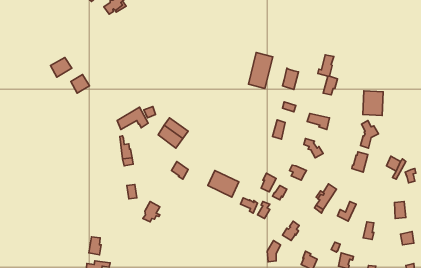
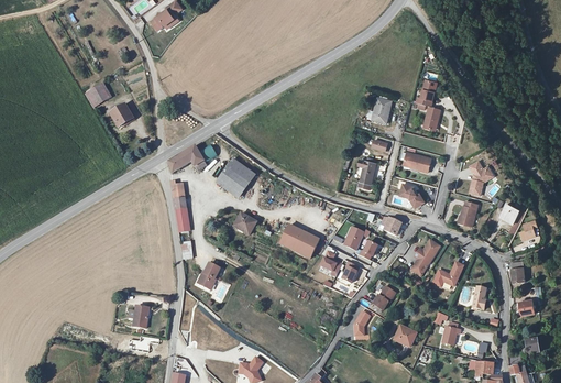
building: [248,52,273,89] -> none
building: [363,91,383,116] -> none

